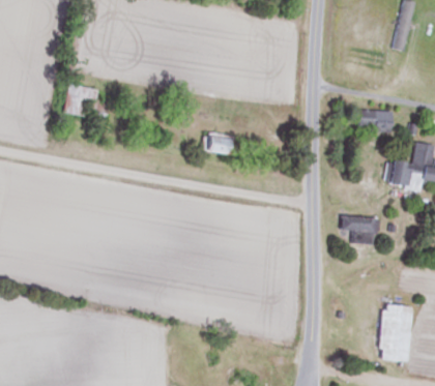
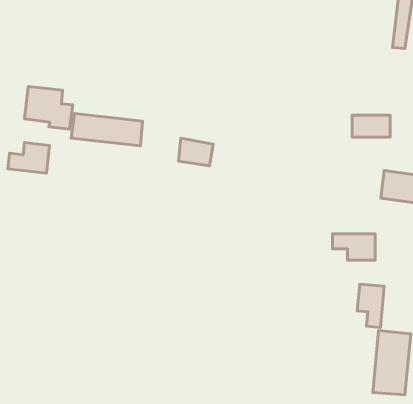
building: none -> [71,114,143,146]
building: none -> [8,143,50,173]
building: none -> [357,284,384,328]

